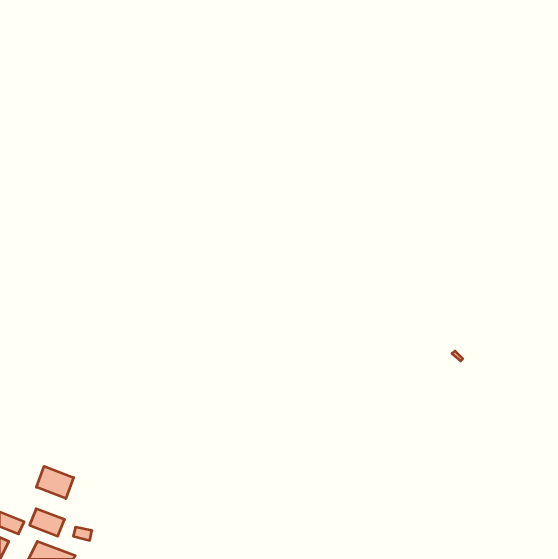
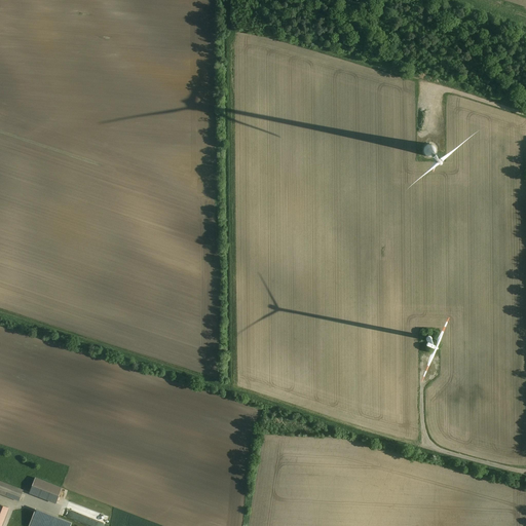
building: [36,466,74,499] -> none

